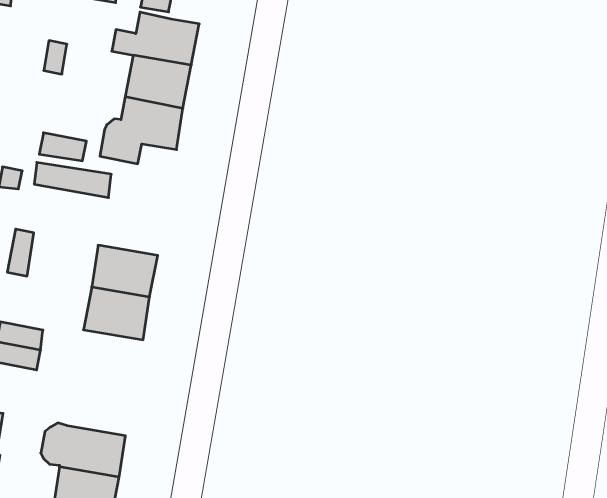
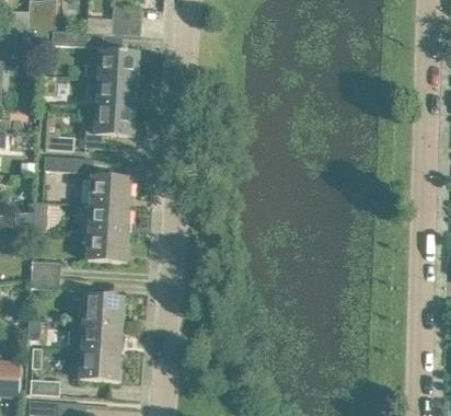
building: none -> [90,175,130,206]
building: none -> [72,288,124,325]

